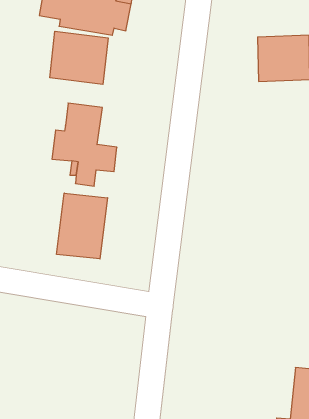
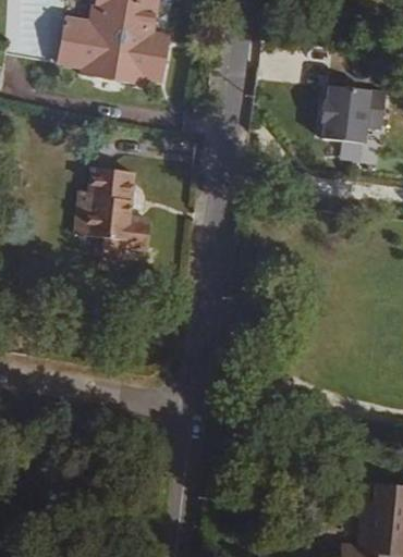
building: [50,31,108,84] -> none
building: [57,193,108,259] -> none

